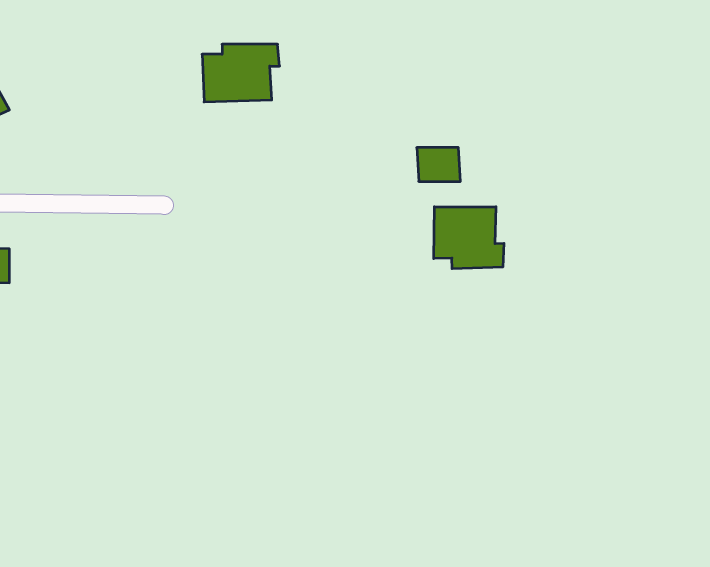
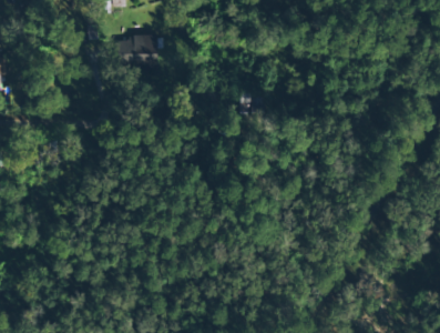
building: [434,207,504,269] -> none

